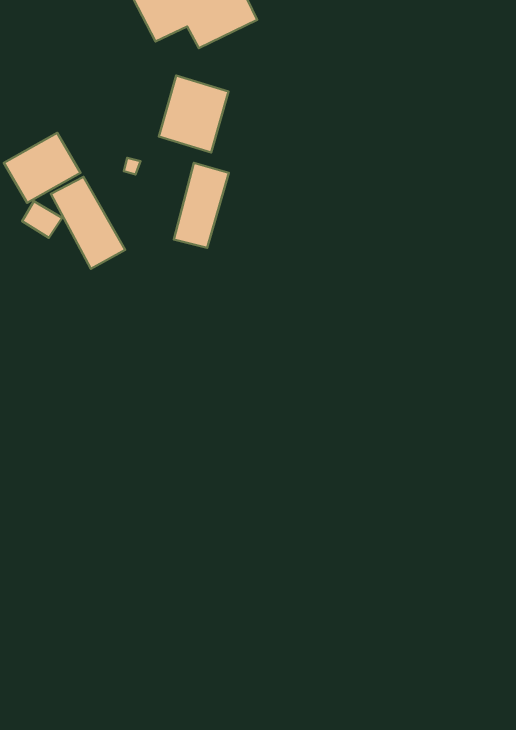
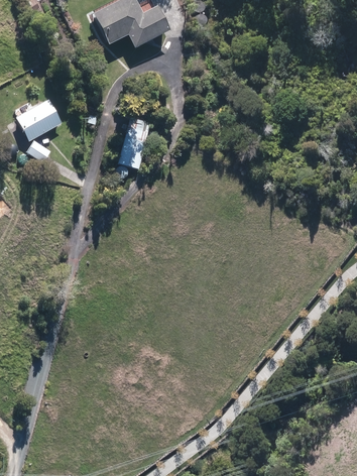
building: [159,76,229,152] -> none
building: [51,177,125,269] -> none

